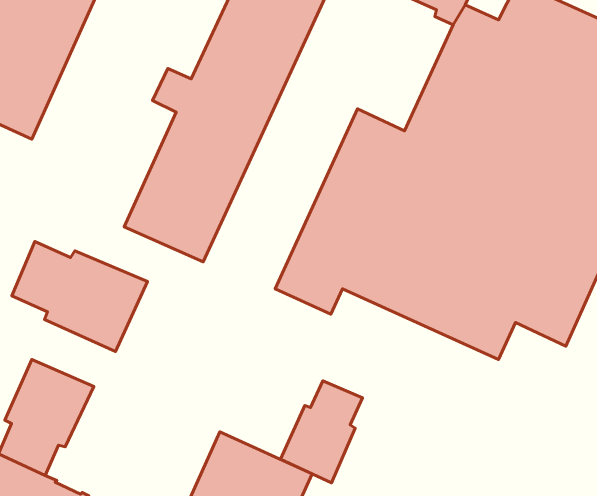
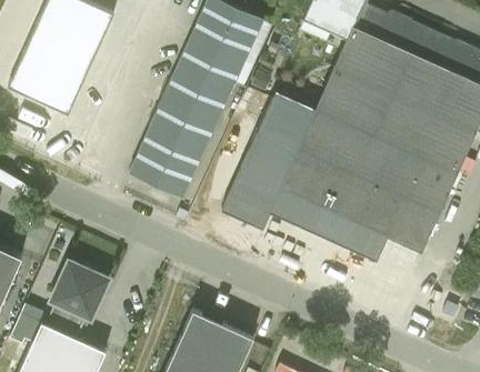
building: [12,242,148,351] -> none
building: [280,381,362,483] -> none

